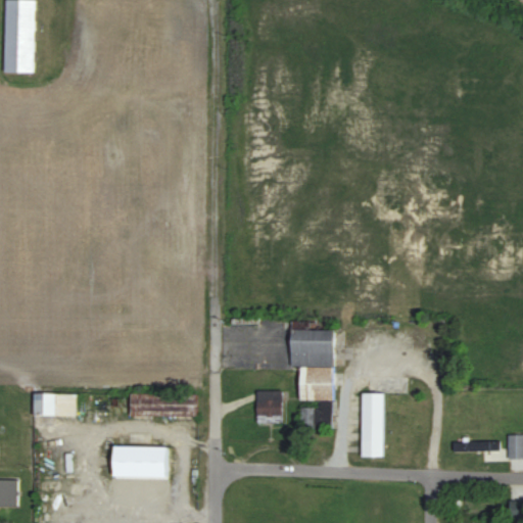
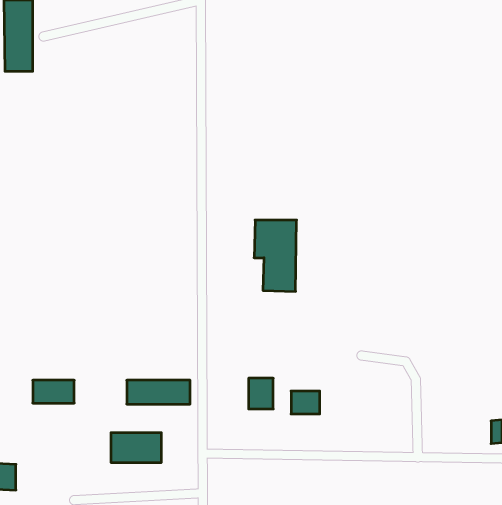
building: [290,328,334,401] -> [254,220,297,291]
building: [362,392,383,457] -> none

